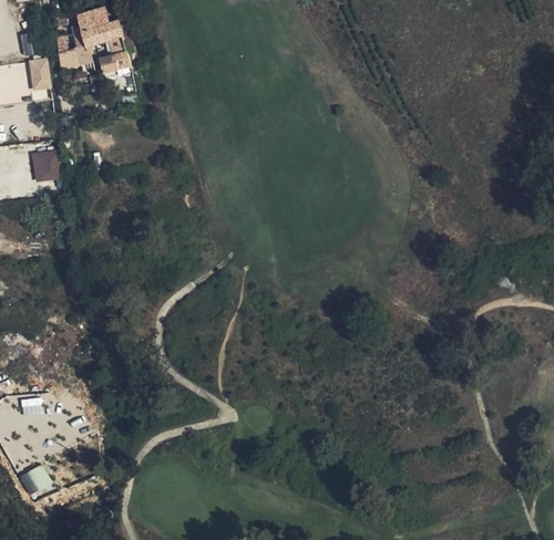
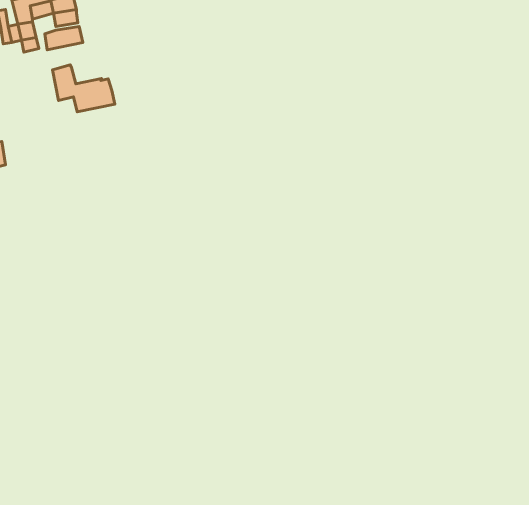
building: none -> [53,65,115,112]

